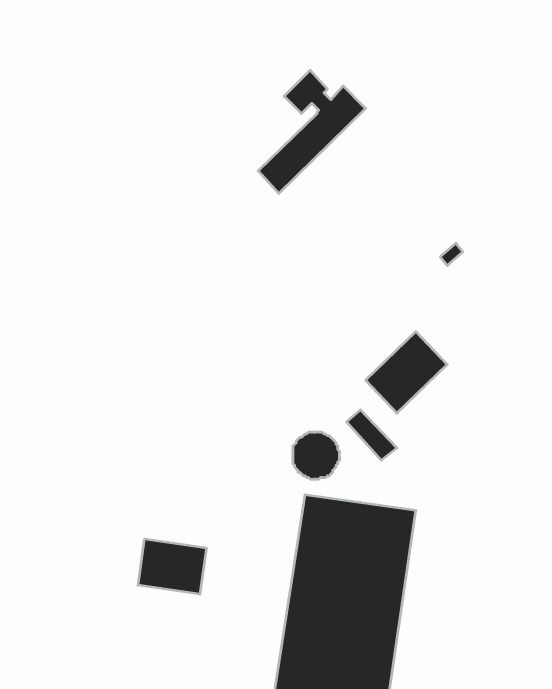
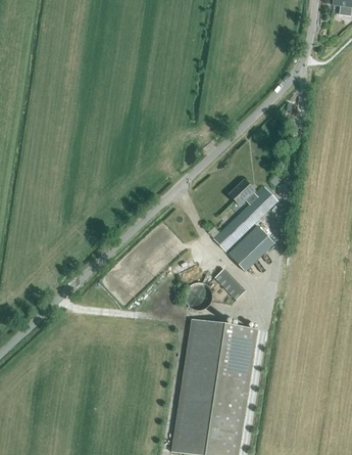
building: [258,70,366,193] -> [213,178,276,251]
building: [138,539,206,594] -> none

